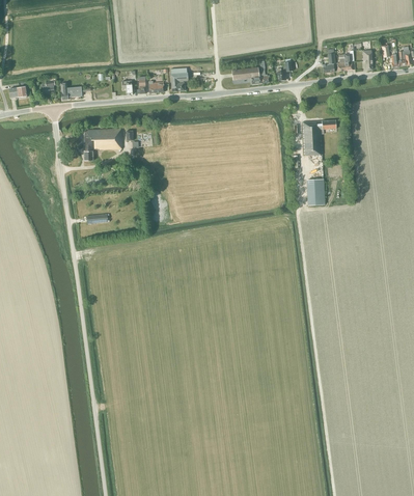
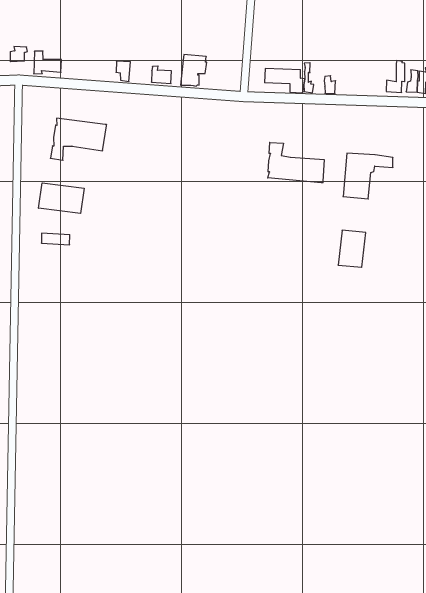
building: none -> [268,142,324,183]
building: none -> [39,183,84,213]

